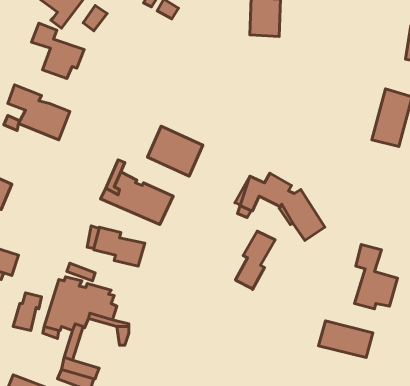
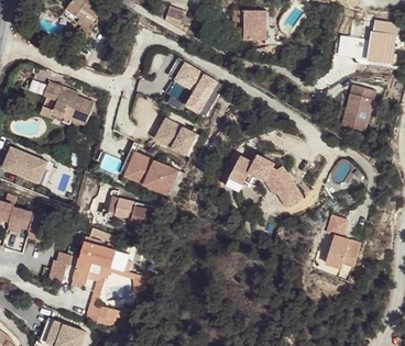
building: [32,23,84,79] -> none
building: none -> [171,58,217,113]
building: [235,231,275,289] -> none
building: [319,321,373,358] -> none

